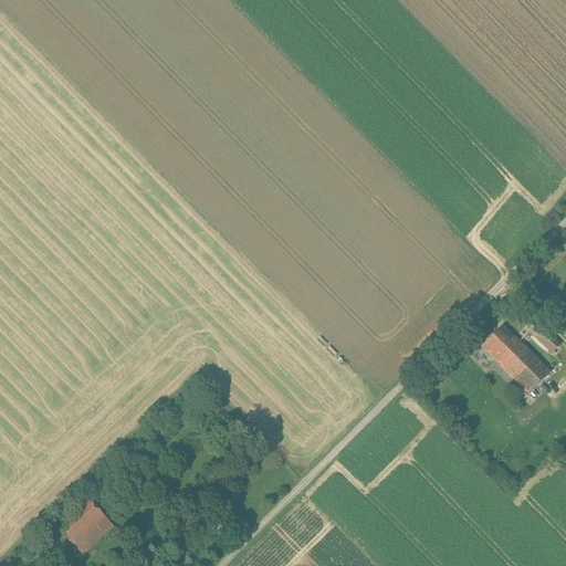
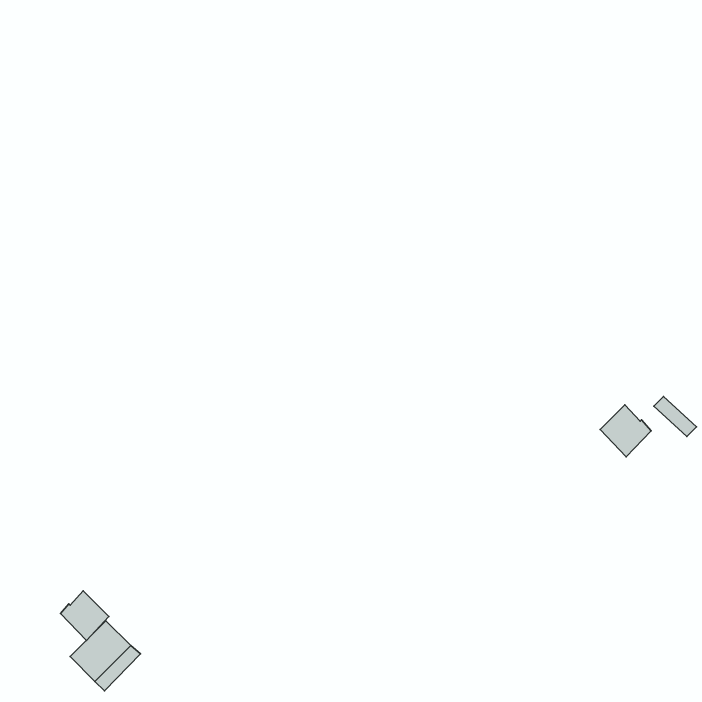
building: [504,346,549,391] -> none
building: none -> [61,591,109,640]

